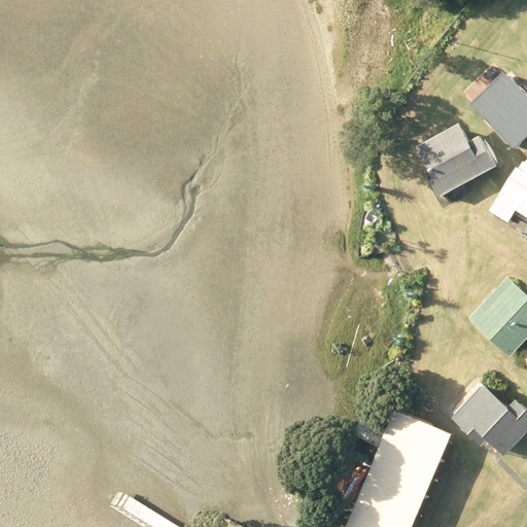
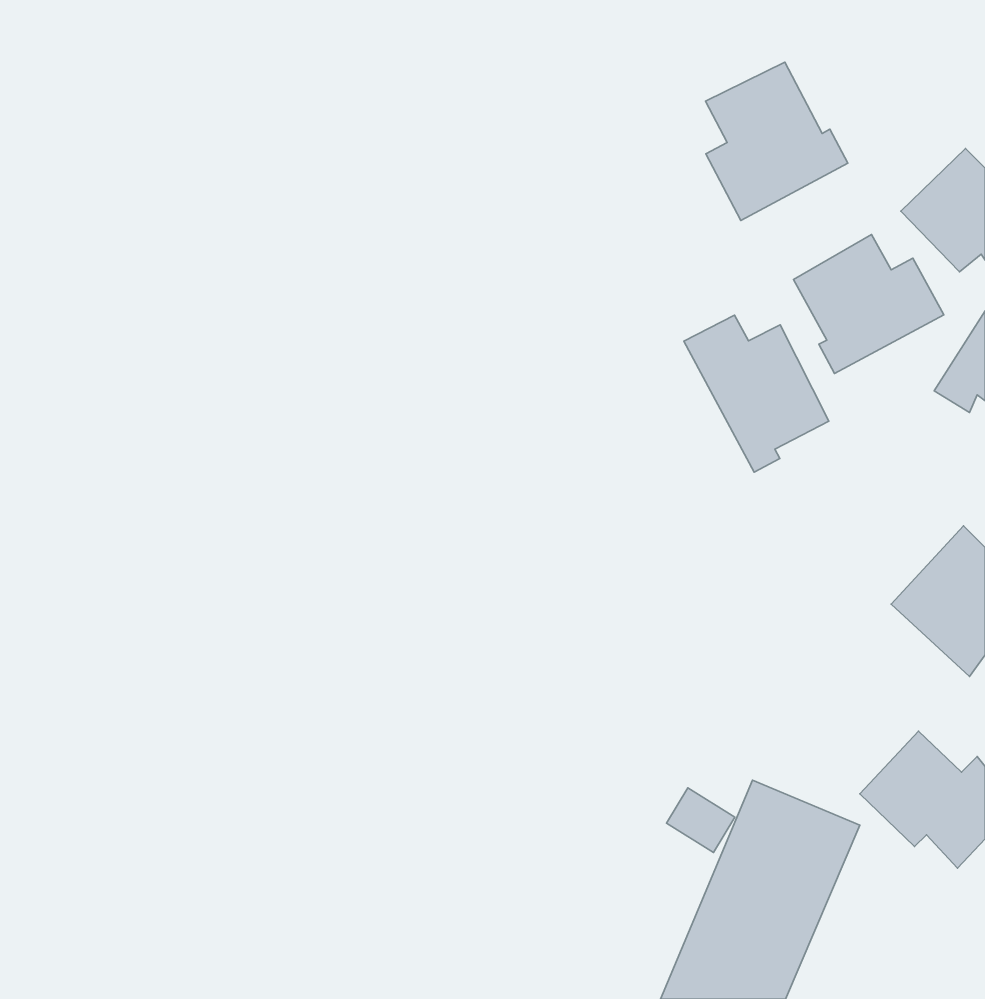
building: none -> [706,62,848,221]
building: none -> [684,315,829,472]

